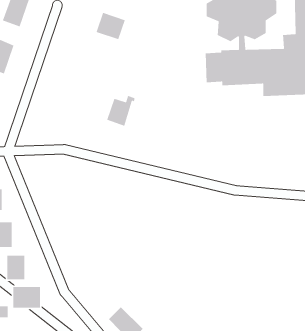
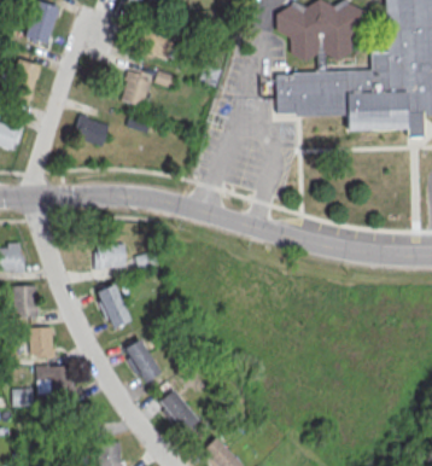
building: none -> [72,113,110,146]
building: [106,95,135,127] -> [119,68,156,107]
building: none -> [93,244,127,269]
building: none -> [95,284,130,328]
building: none -> [122,339,162,384]

